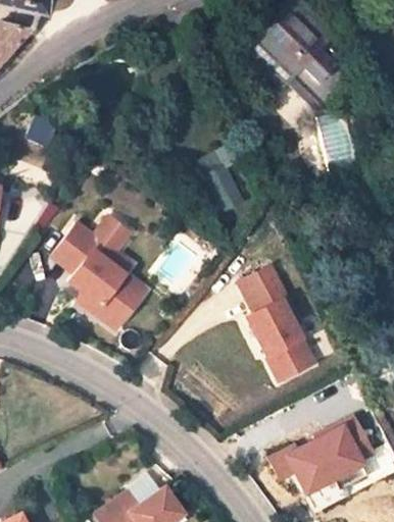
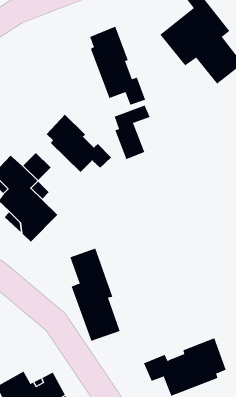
building: none -> [89,26,146,106]
building: none -> [46,114,112,173]
building: [239,265,312,380] -> [70,248,121,342]

